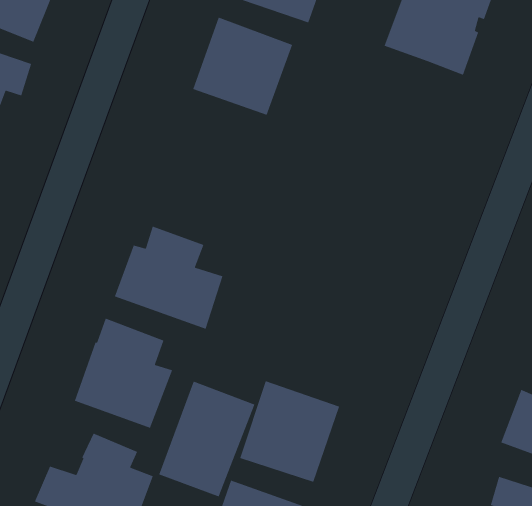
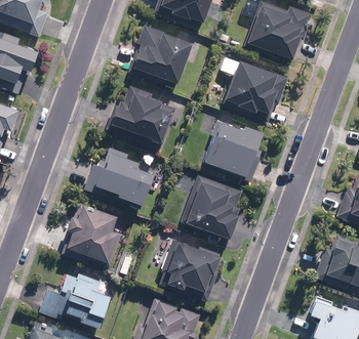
building: none -> [218,55,285,113]
building: none -> [111,86,174,147]
building: none -> [205,120,265,176]
building: none -> [182,174,241,235]
building: [158,380,255,497] -> none

